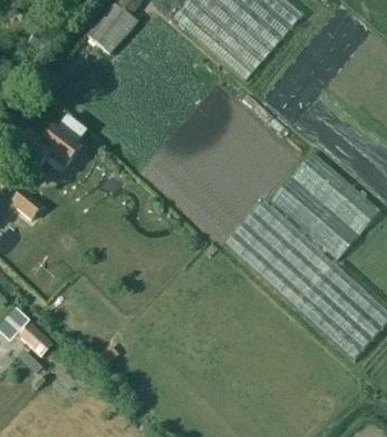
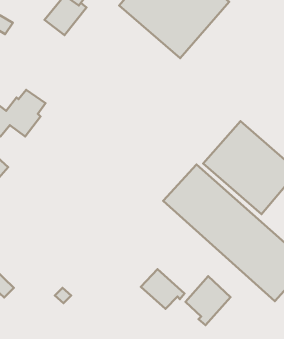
building: none -> [141,269,185,309]
building: none -> [186,276,231,325]

